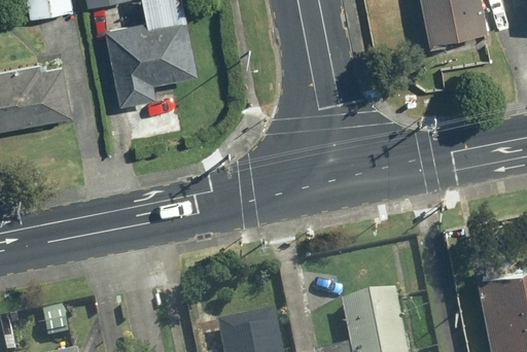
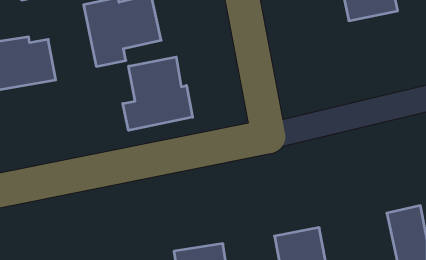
building: none -> [123,57,193,130]

